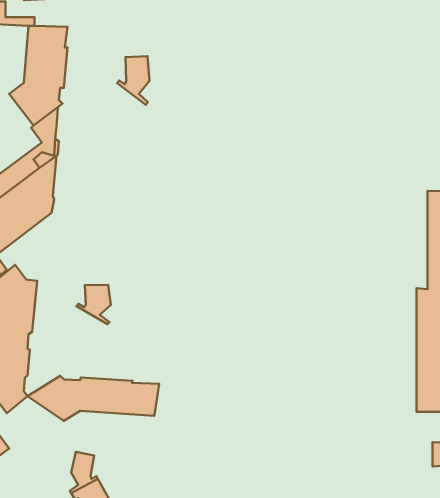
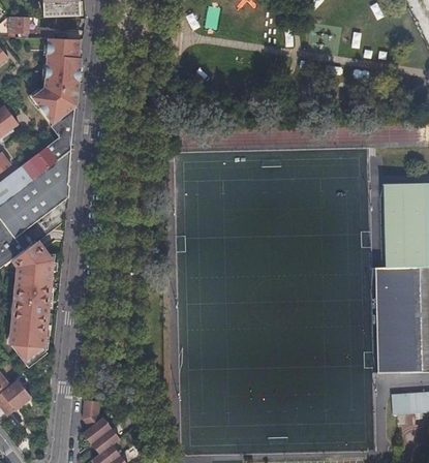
building: [117,56,150,105] -> none
building: [76,285,111,324] -> none
building: [27,376,159,421] -> none

